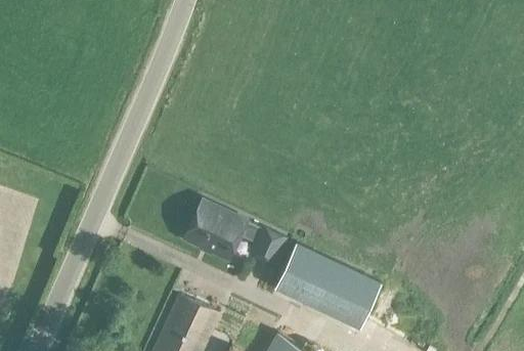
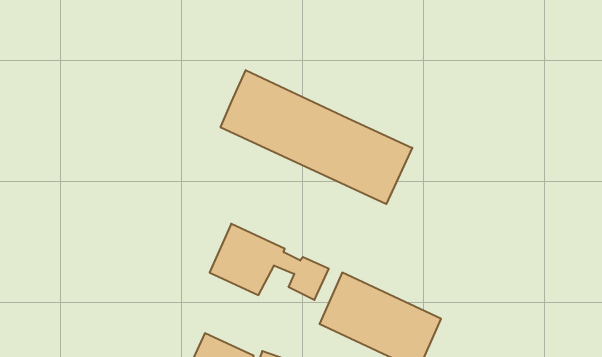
building: none -> [221,70,412,204]

